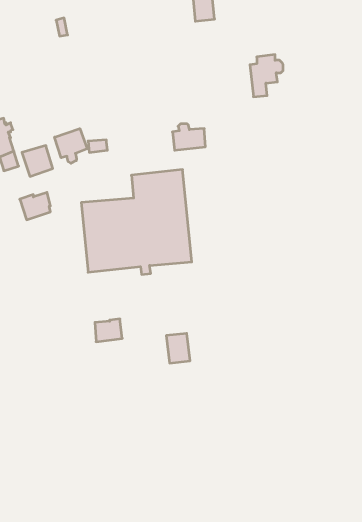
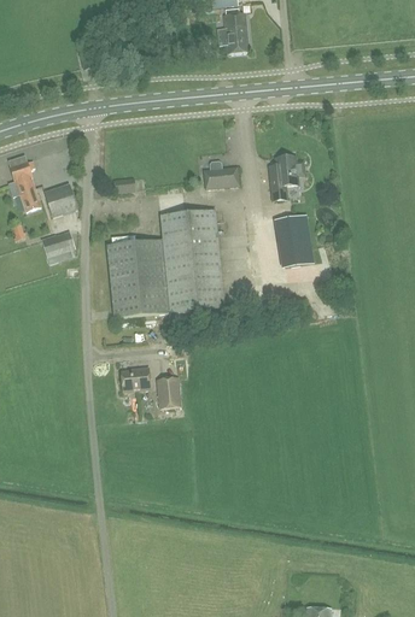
building: [250,55,283,97] -> [268,154,303,199]
building: [55,129,87,163] -> none
building: none -> [277,213,312,266]
building: [166,333,190,363] -> [156,376,181,407]

